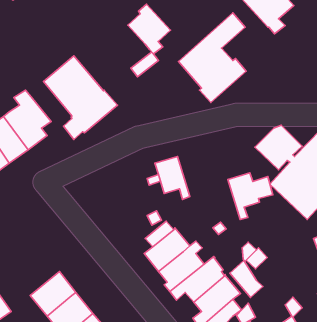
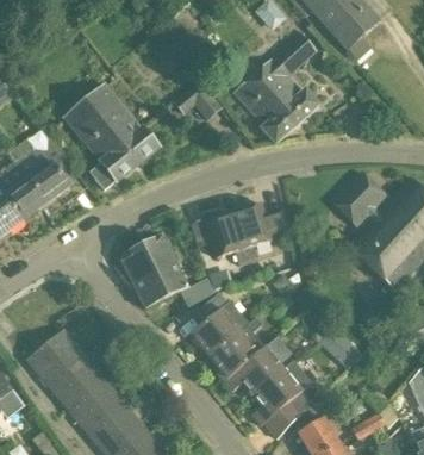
building: [128,4,171,54] -> none
building: [228,173,273,219] -> [233,202,289,261]
building: none -> [124,233,188,307]
building: none -> [27,329,86,385]
building: [230,260,263,297] -> none

